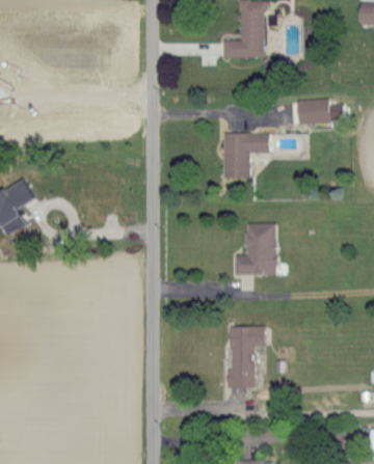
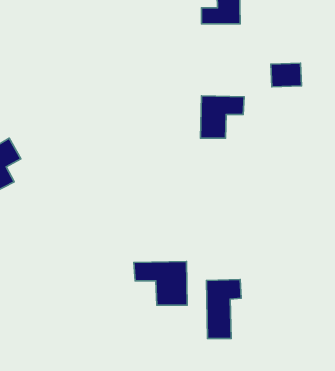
building: [235,223,276,275] -> none
building: none -> [134,262,187,305]

